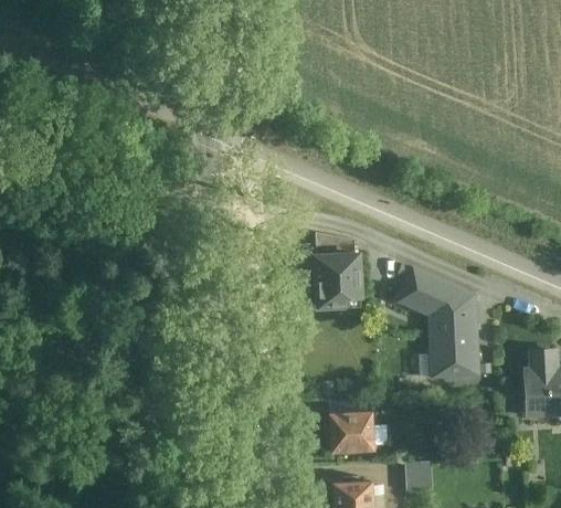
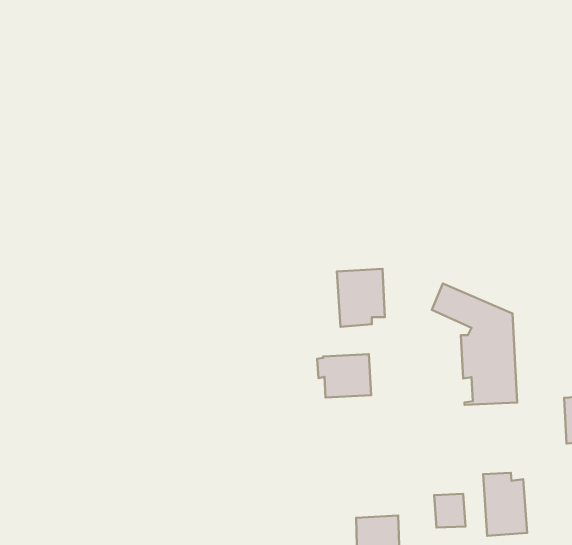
building: [322,411,372,451] -> [317,354,371,397]
building: none -> [483,473,527,536]

